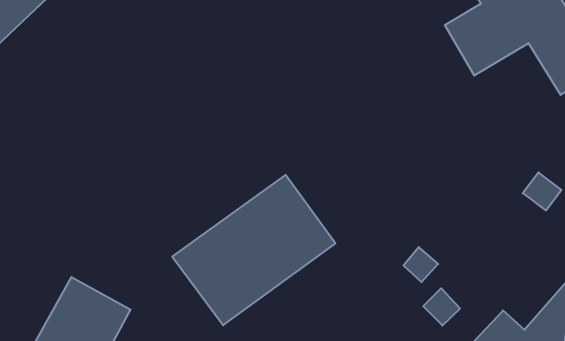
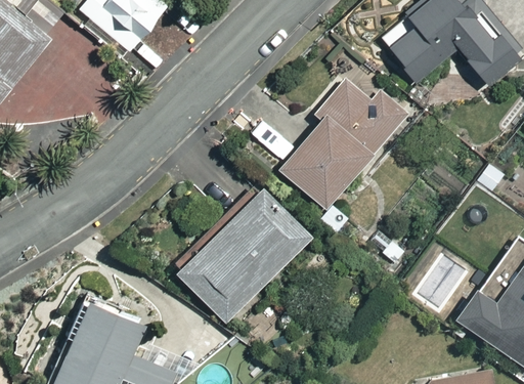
building: none -> [278,80,412,213]

